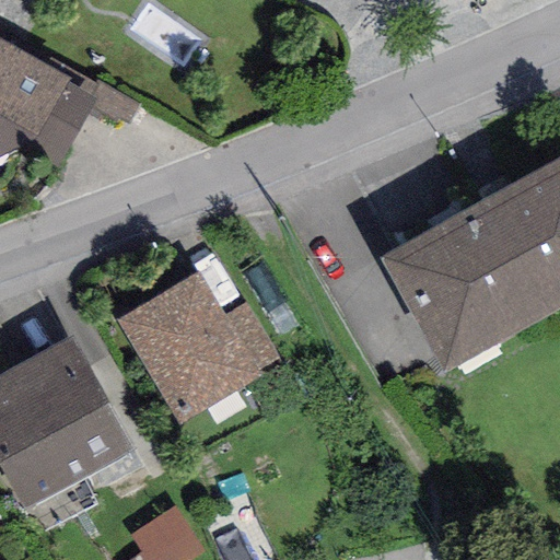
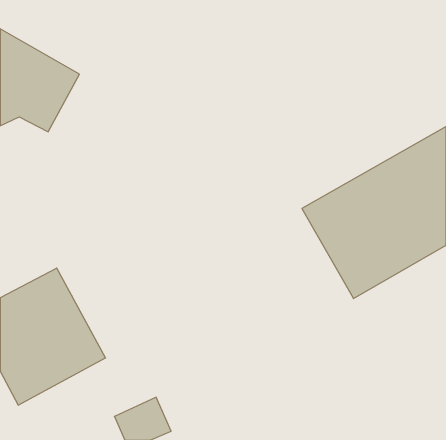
building: [117,270,277,422] -> none

